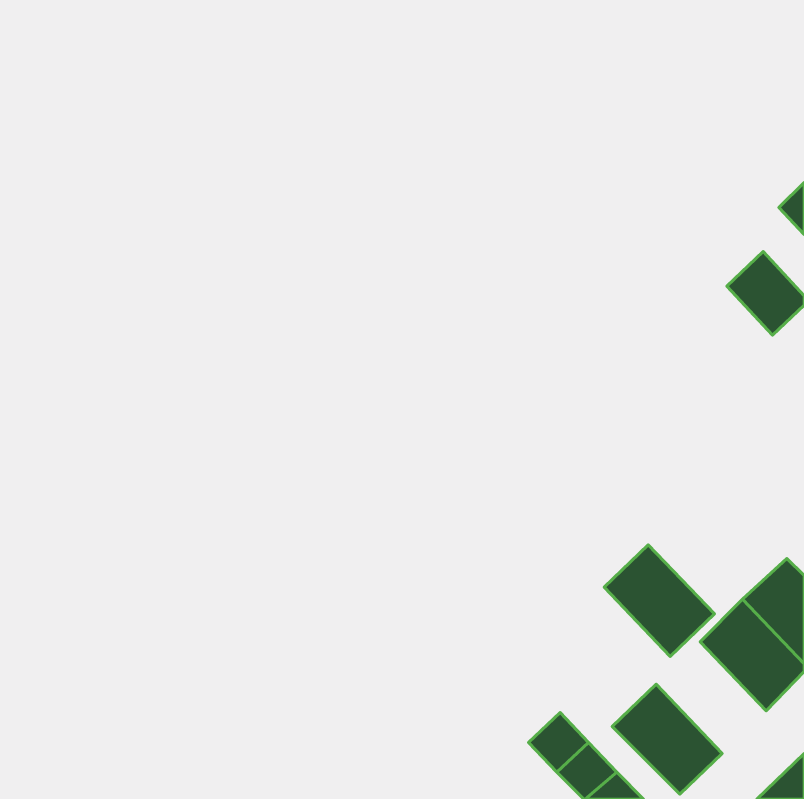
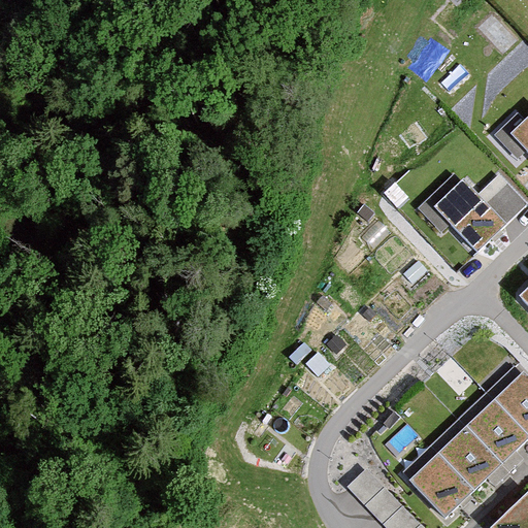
building: none -> [434,182,506,254]
building: [604,545,714,656] -> [430,421,502,494]

